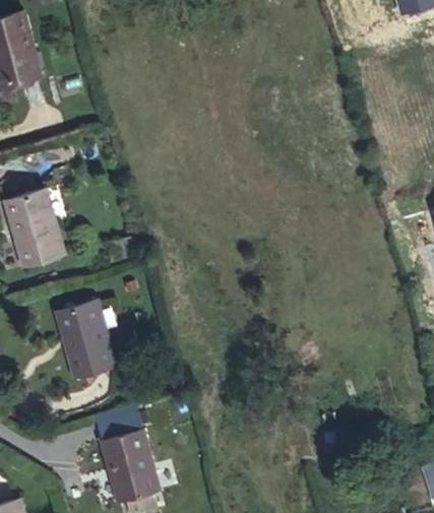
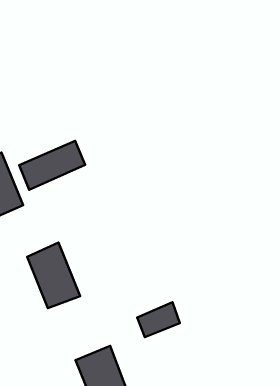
building: none -> [19,141,85,190]
building: [94,406,142,443] -> [137,302,180,337]

